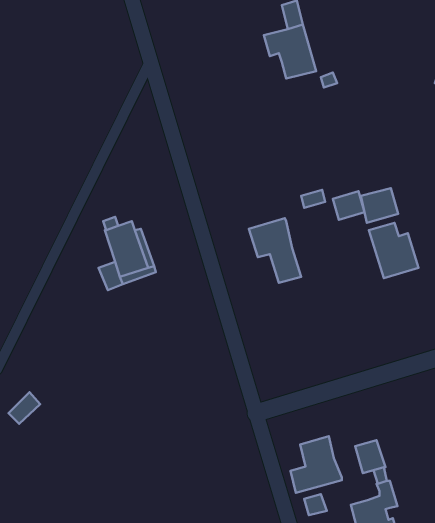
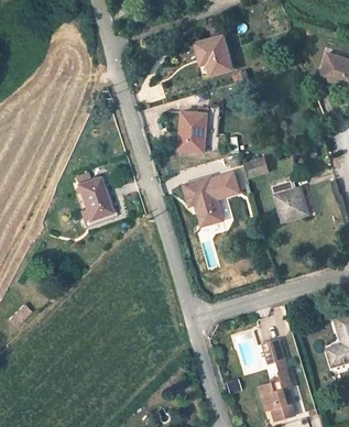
building: none -> [178,111,207,152]
building: [361,188,398,223] -> [211,173,239,198]
building: [290,436,342,493] -> none

